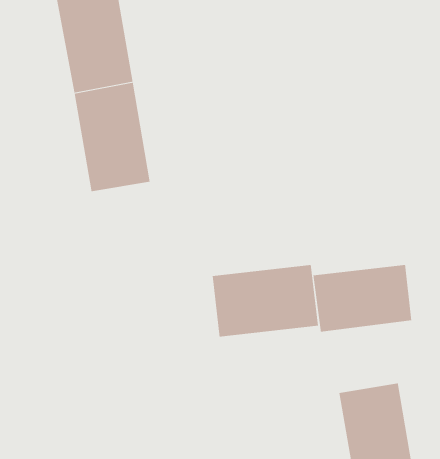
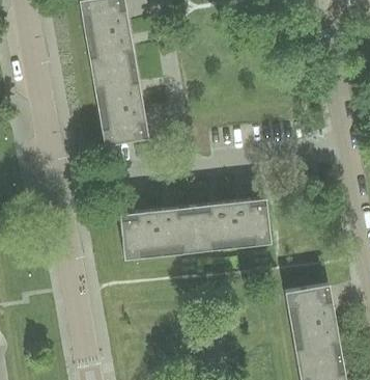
building: [313,264,412,332] -> none
building: none -> [119,207,197,259]

